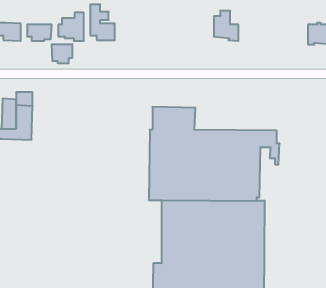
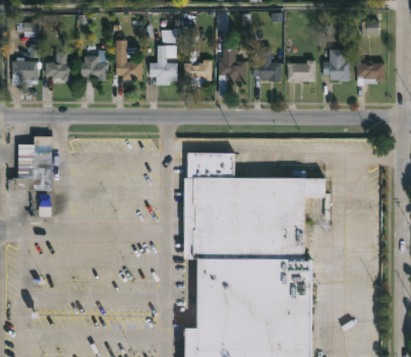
building: none -> [150,44,177,83]
building: none -> [219,49,246,97]
building: none -> [322,49,351,80]
building: none -> [184,59,213,80]
building: none -> [289,59,316,80]
building: [52,44,72,63] -> none

